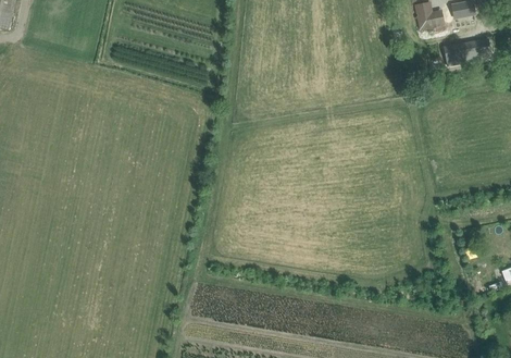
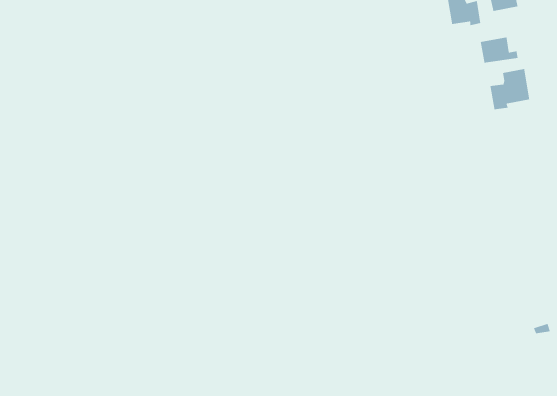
building: none -> [490,68,530,110]

